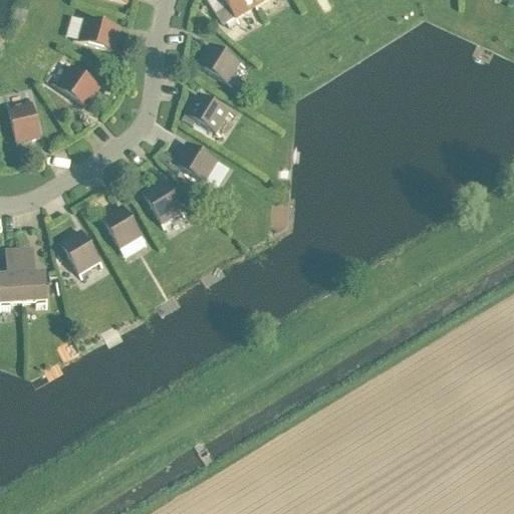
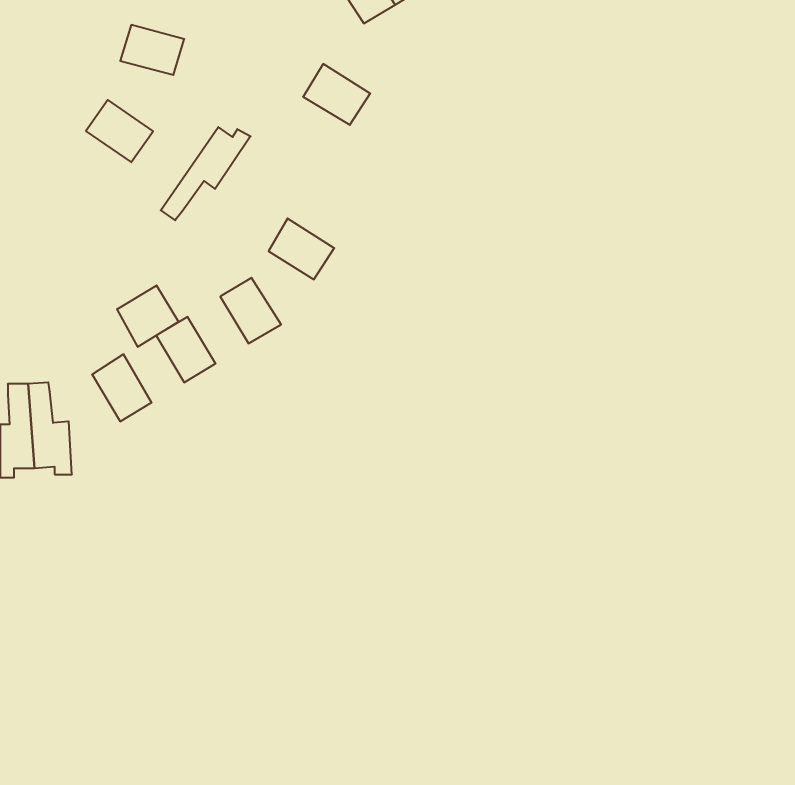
building: none -> [161,127,251,220]
building: [186,91,229,131] -> none
building: [9,100,40,141] -> none
building: none -> [117,285,178,347]

